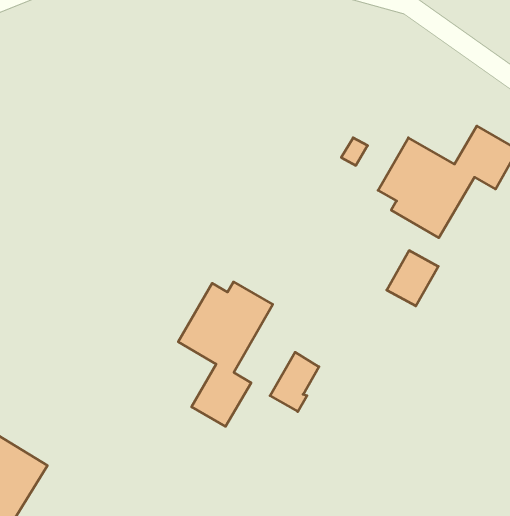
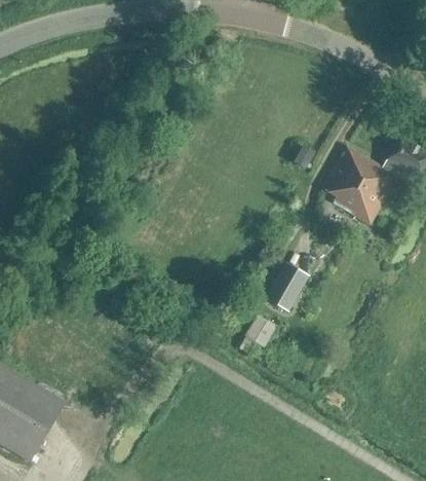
building: [387,251,438,306] -> [267,264,307,307]
building: [178,282,273,426] -> none

